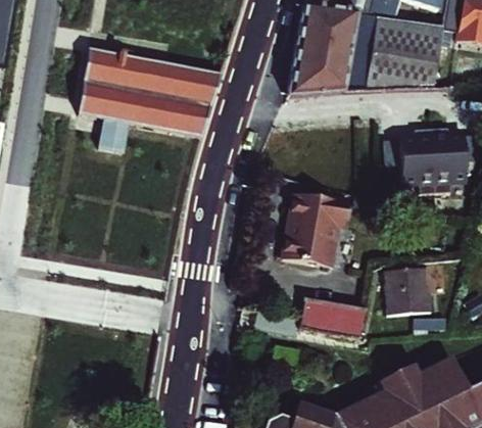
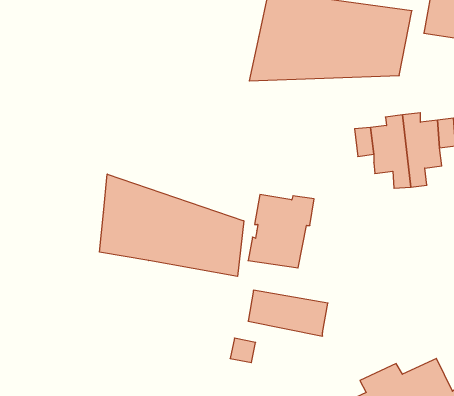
building: [82,55,224,159] -> none
building: none -> [100,174,244,276]
building: [375,261,422,308] -> none

